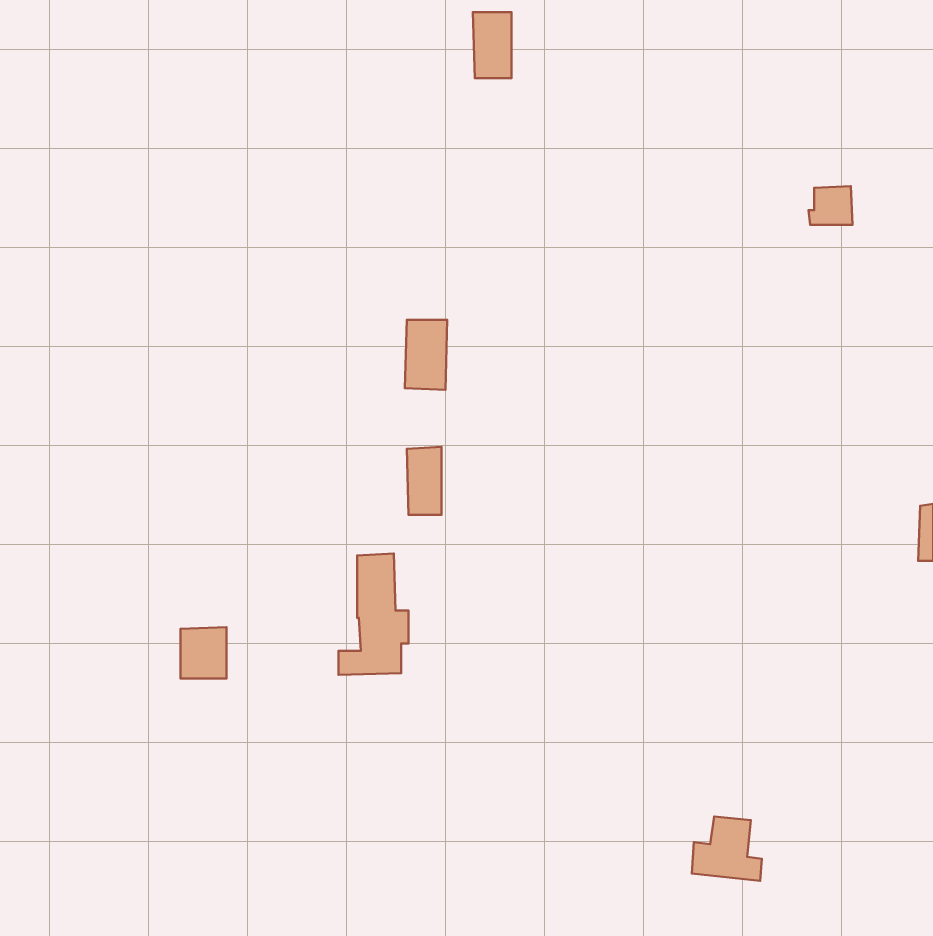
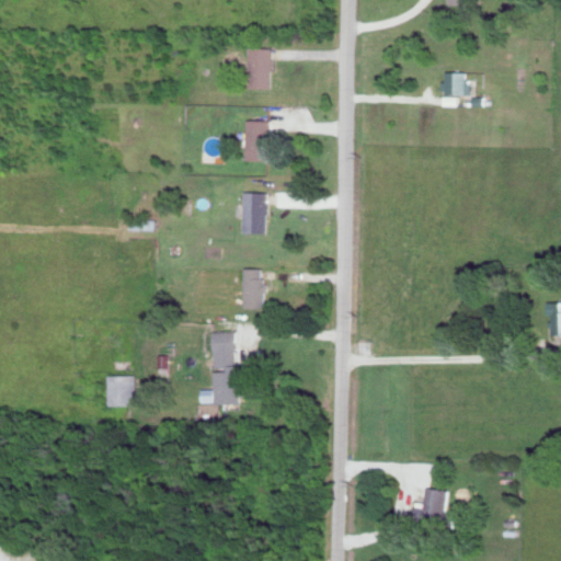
building: [473,12,512,78] -> [247,49,270,89]
building: [808,186,853,225] -> [439,72,466,95]
building: none -> [244,121,267,161]

